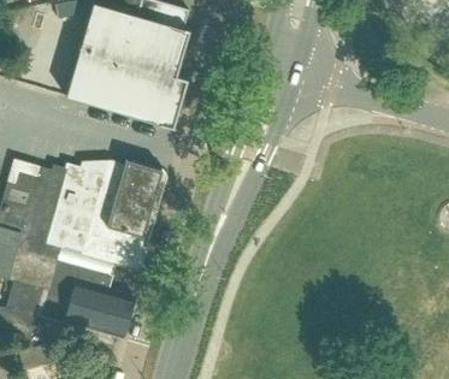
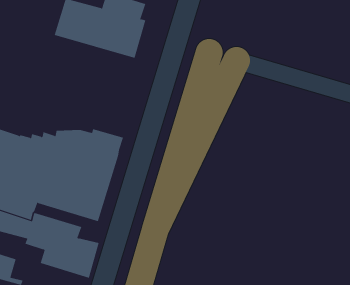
building: [66,48,188,129] -> none

